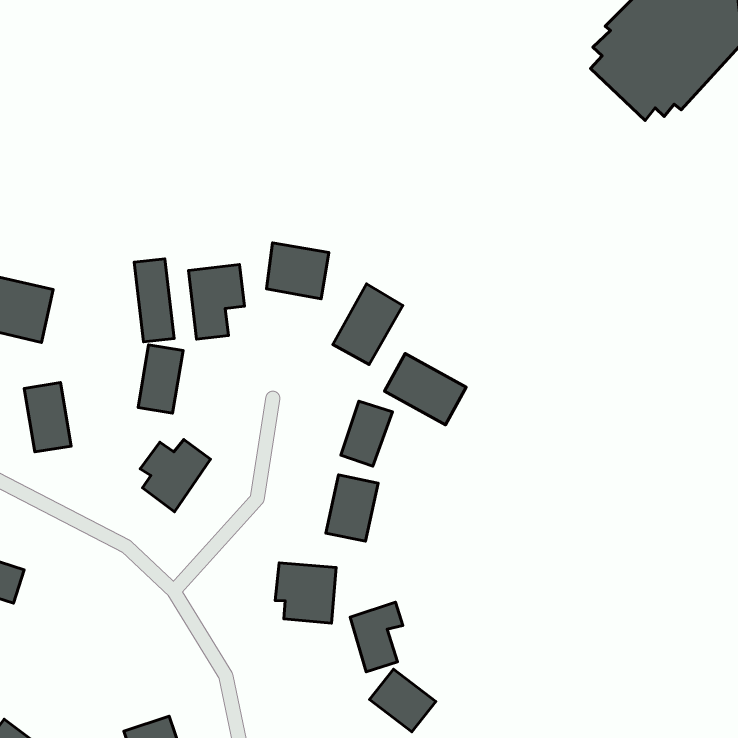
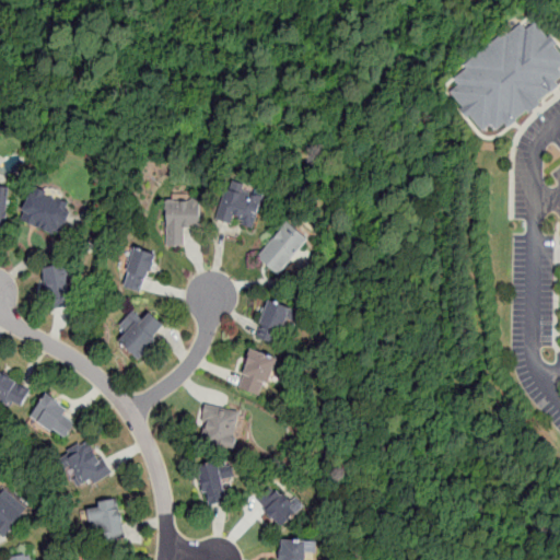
building: [134,259,174,342] -> none
building: [385,354,466,425] -> none
building: none -> [28,396,78,439]
building: [350,602,403,672] -> [197,460,232,505]
building: none -> [60,438,108,488]

